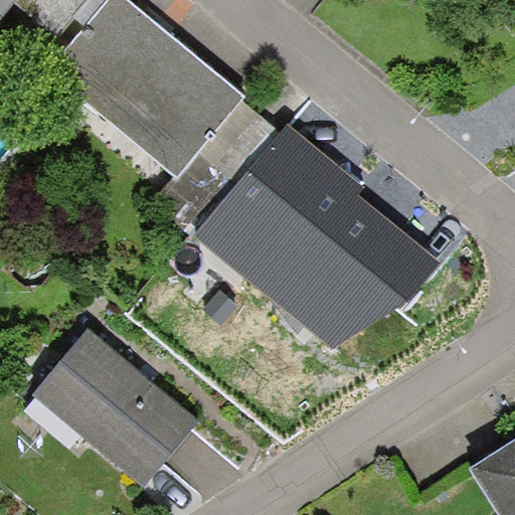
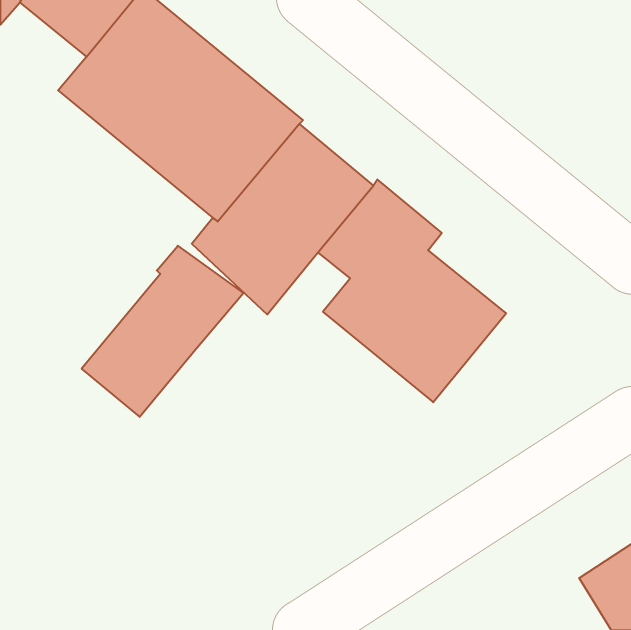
building: none -> [82,246,243,417]
building: [33,329,201,489] -> none

